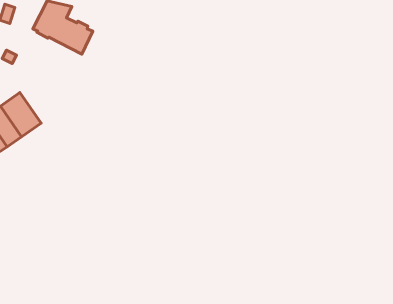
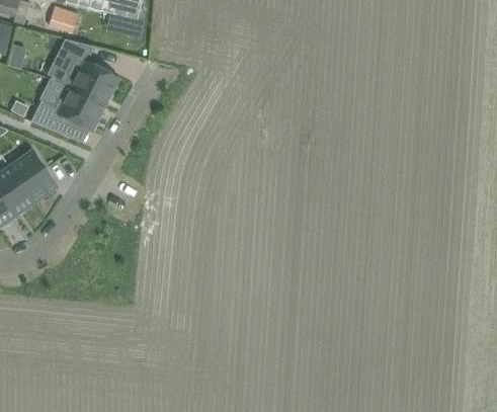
building: none -> [30,84,105,135]

